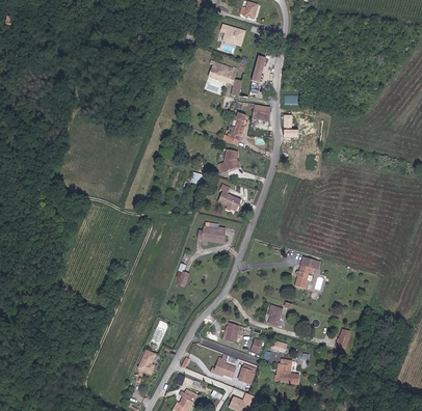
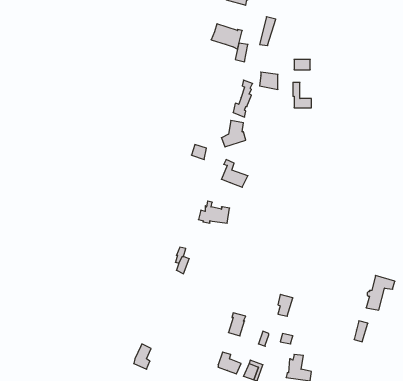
building: [293,256,319,287] -> [366,275,395,310]

